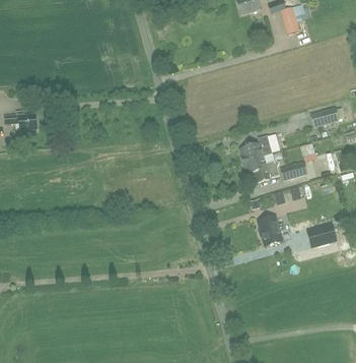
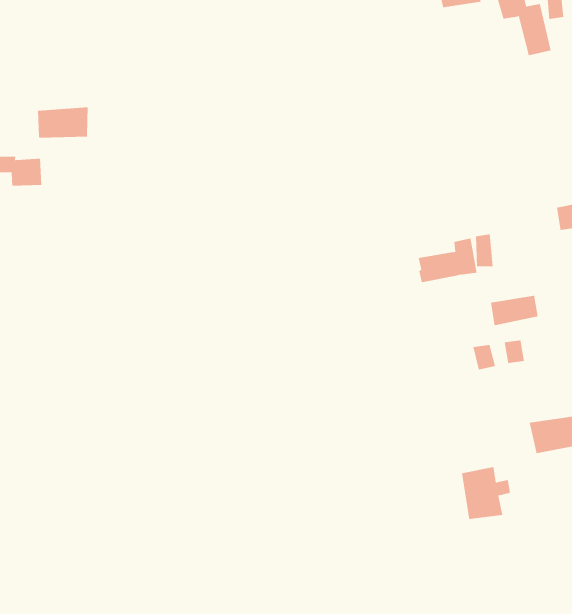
building: none -> [38,107,88,138]
building: [242,155,280,182] -> none
building: [258,216,285,245] -> [461,467,511,520]

